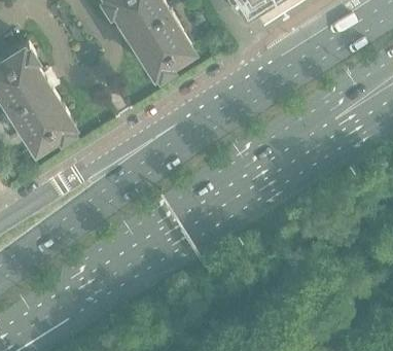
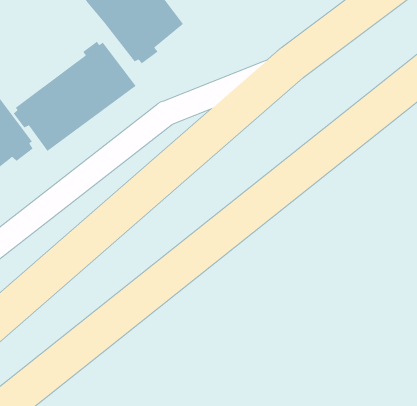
building: none -> [13,41,136,152]

